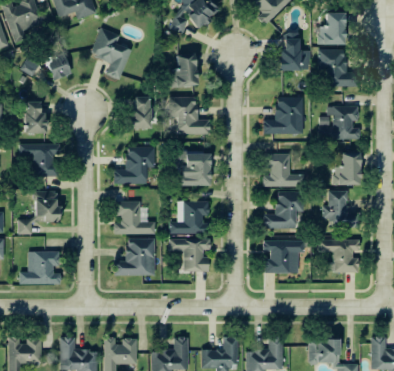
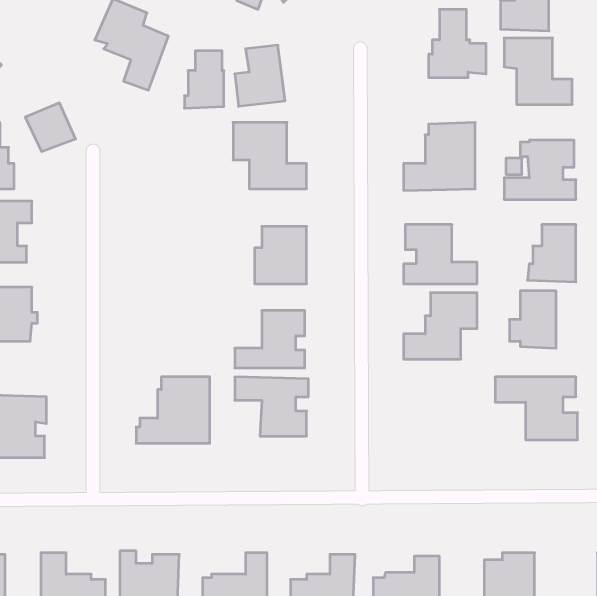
building: [46,54,74,81] -> [25,103,76,151]
building: [128,98,150,130] -> [184,51,224,108]
building: [114,147,155,184] -> none
building: [114,202,155,235] -> none
building: [263,241,304,274] -> none

